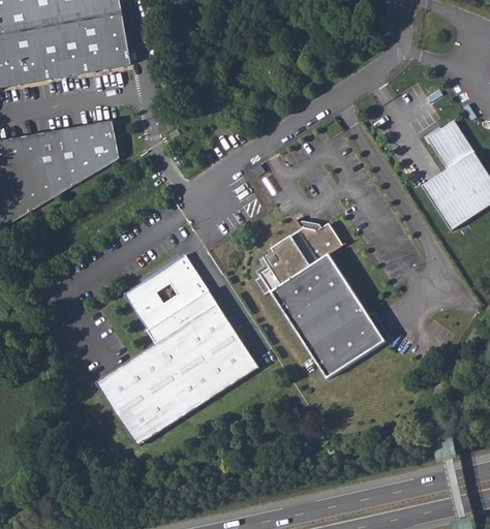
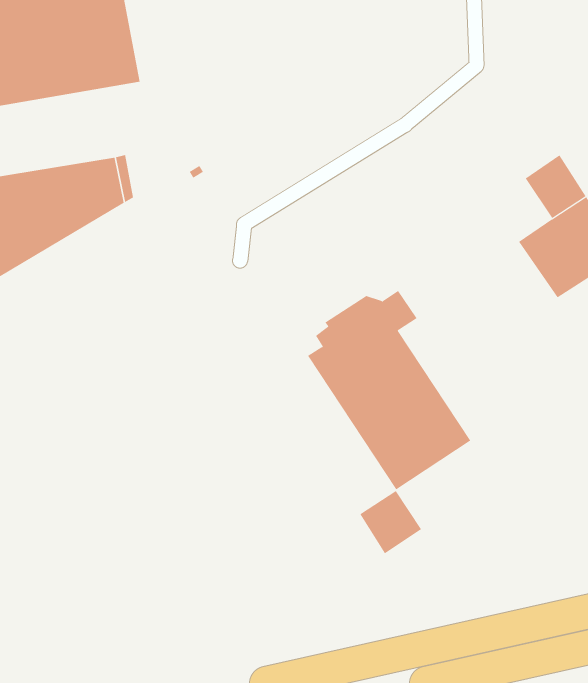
building: [95,253,257,446] -> none
building: none -> [359,490,422,554]

